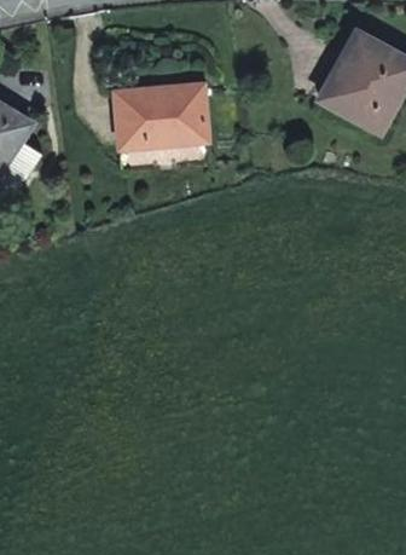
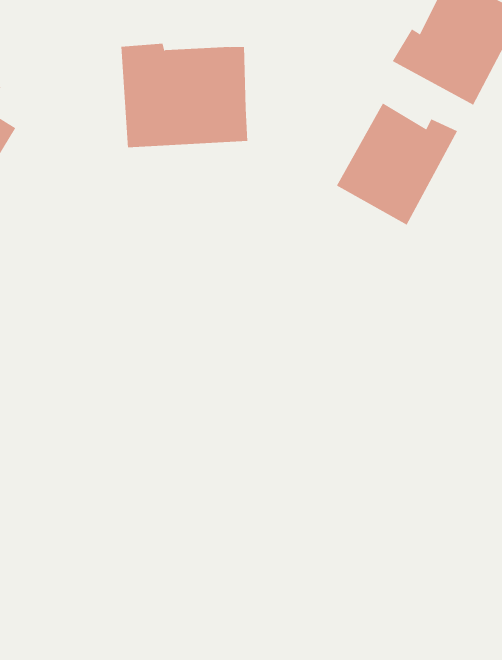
building: none -> [336,102,458,225]

